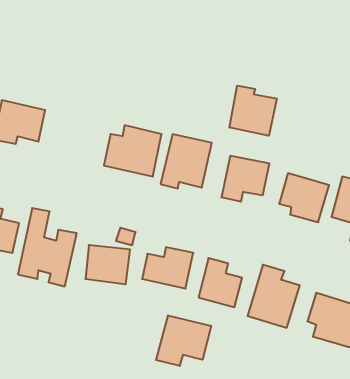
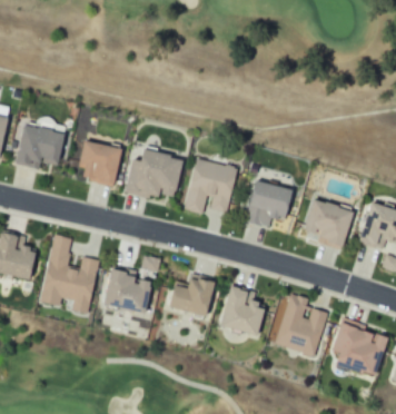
building: [229,86,277,136] -> none
building: none -> [81,139,125,187]
building: [156,315,211,366] -> none

